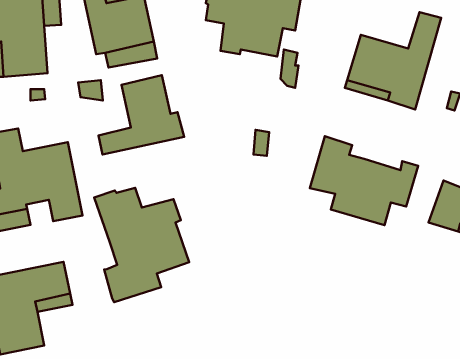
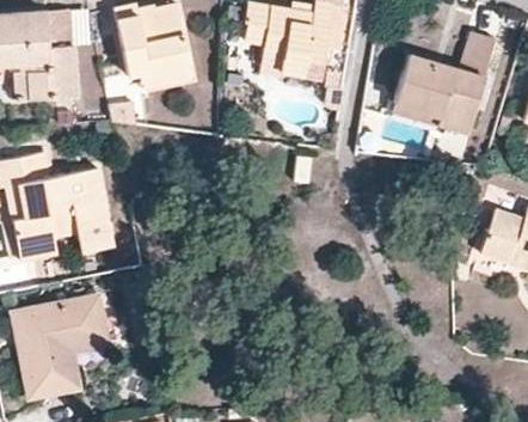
building: [99,75,184,155] -> none
building: [310,136,418,225] -> none
building: [94,188,189,302] -> none

